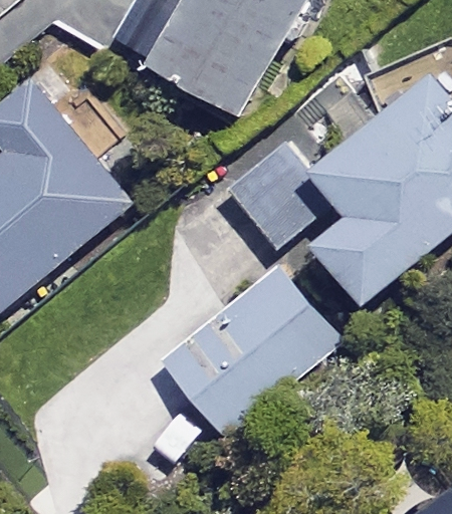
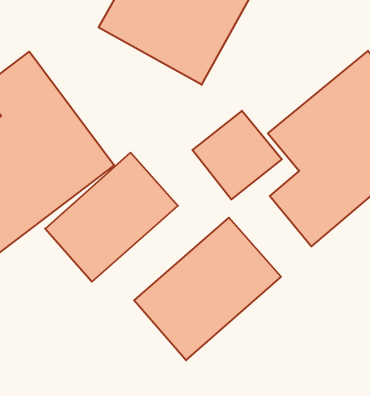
building: none -> [45,153,178,282]

